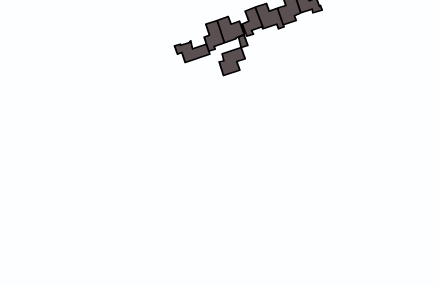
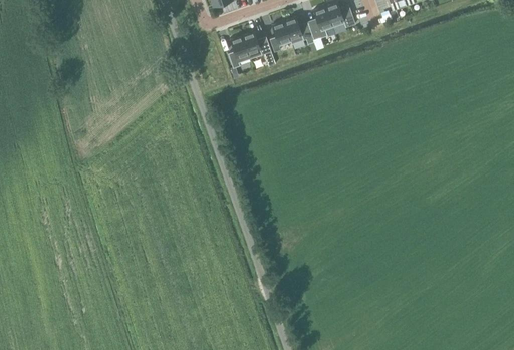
building: [174,41,210,62] -> none
building: [219,47,245,75] -> none

